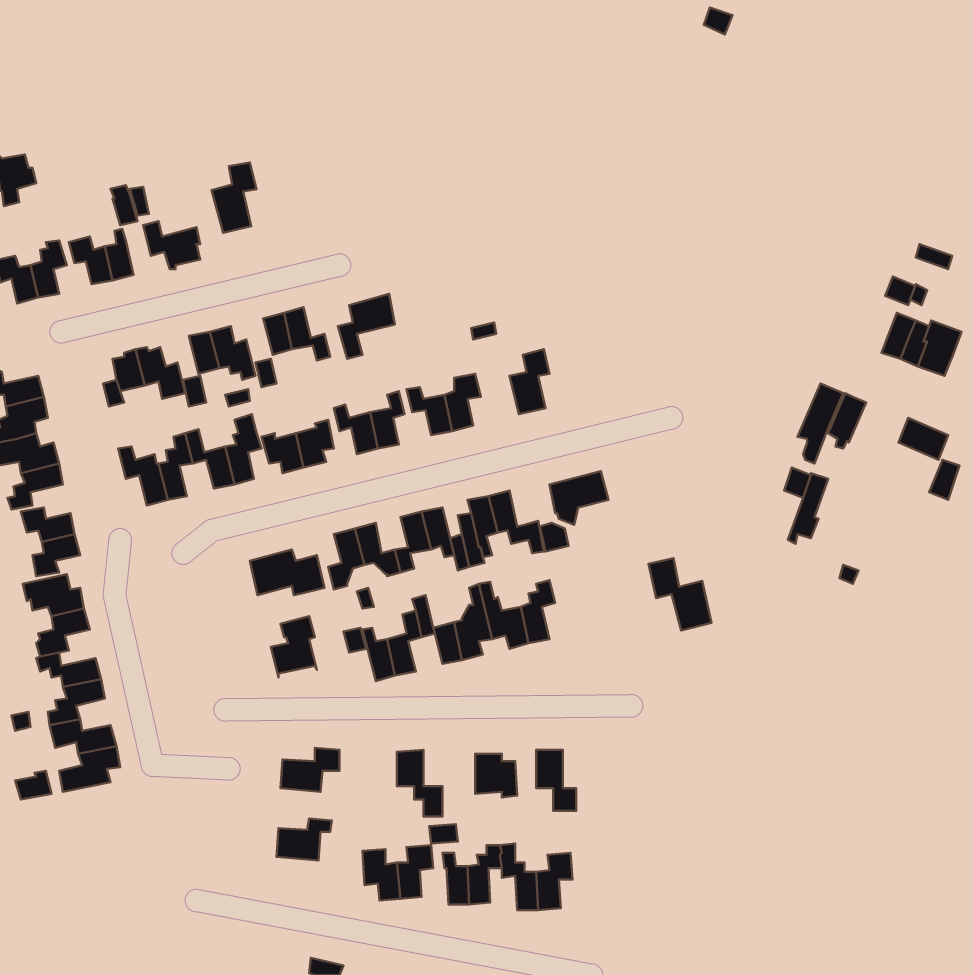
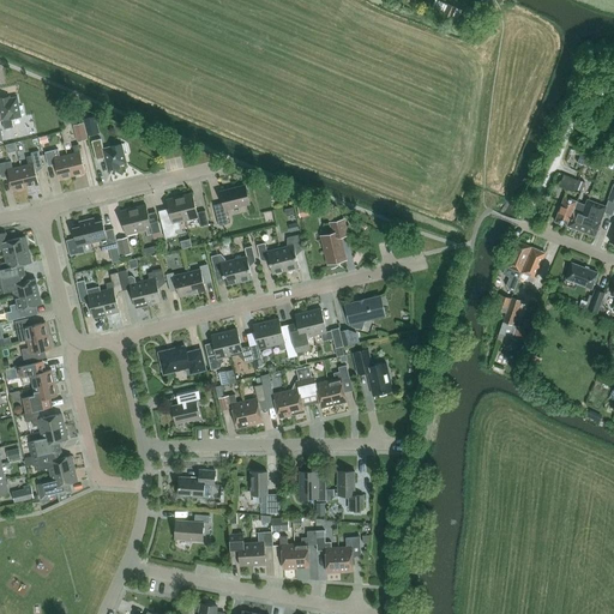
building: [212,163,256,233] -> none
building: [649,558,712,631] -> [351,349,391,395]

